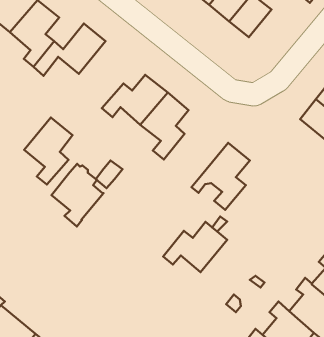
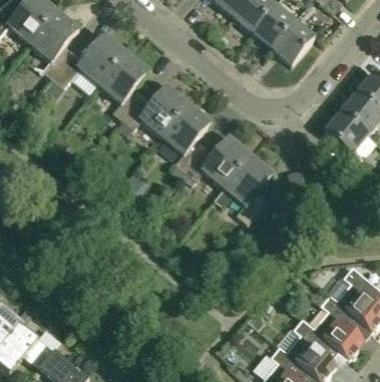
building: none -> [272,20,314,64]
building: [24,117,73,184] -> [99,52,148,120]
building: [52,164,104,227] -> none
building: [163,222,227,272] -> [185,137,251,188]

